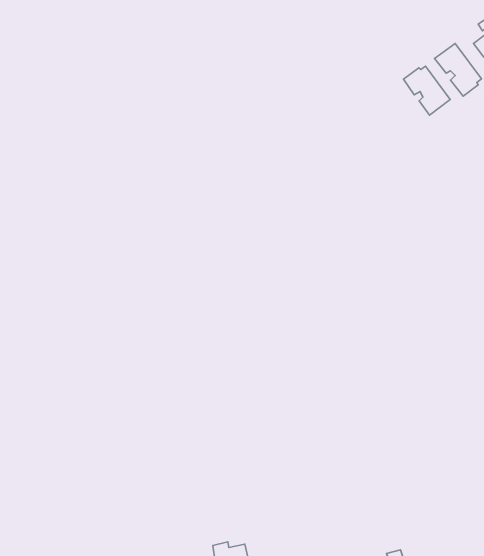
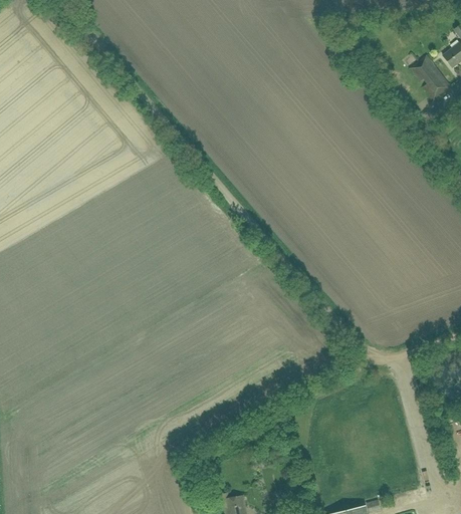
building: [403,66,450,115] -> none

